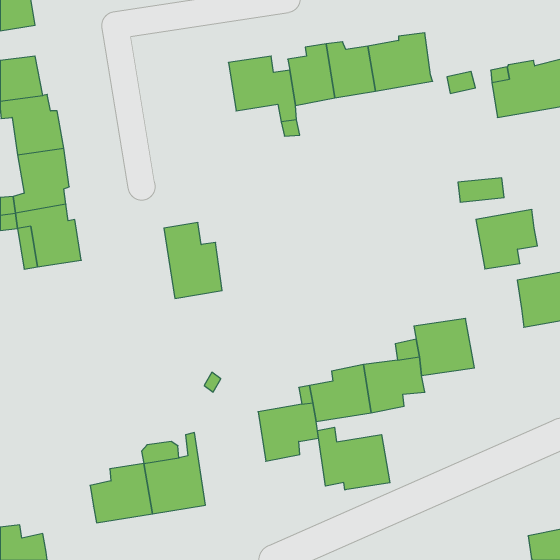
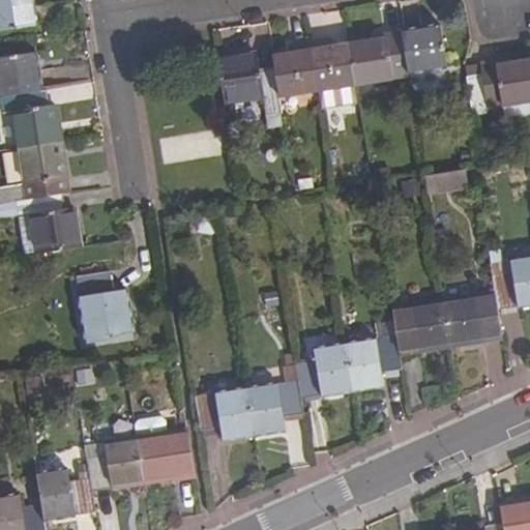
building: none -> [402,25,446,70]
building: [476,210,537,269] -> [440,291,498,347]
building: [164,223,222,298] -> [77,271,131,343]
building: none -> [197,388,252,439]
building: [317,427,390,490] -> none
building: none -> [36,469,95,521]

